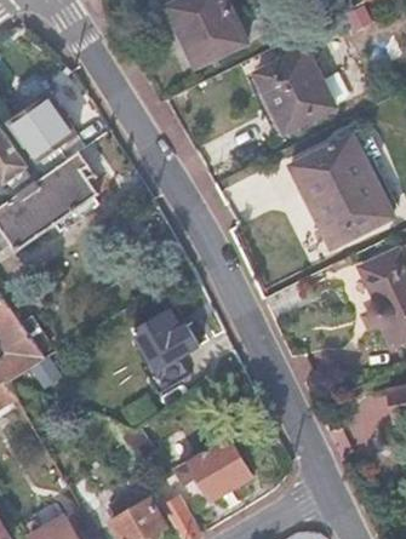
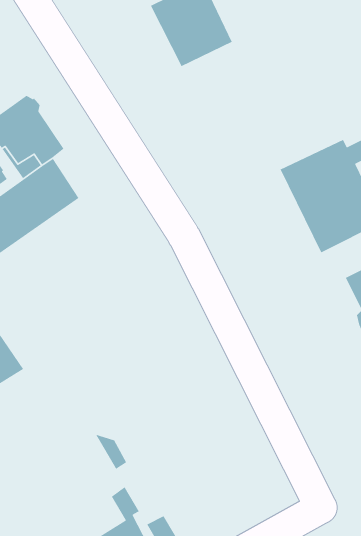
building: [255,50,333,133] -> none
building: [132,308,198,367] -> none
building: [178,440,252,500] -> none

